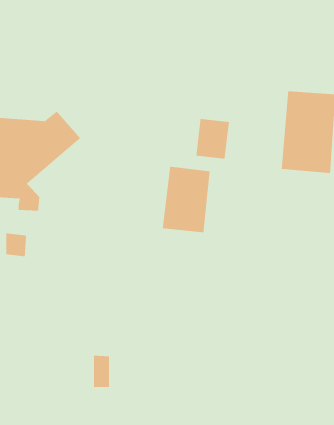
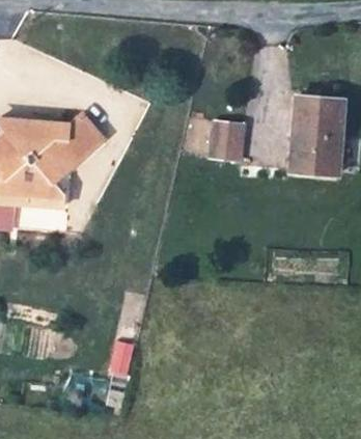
building: [162,166,211,233] -> none

